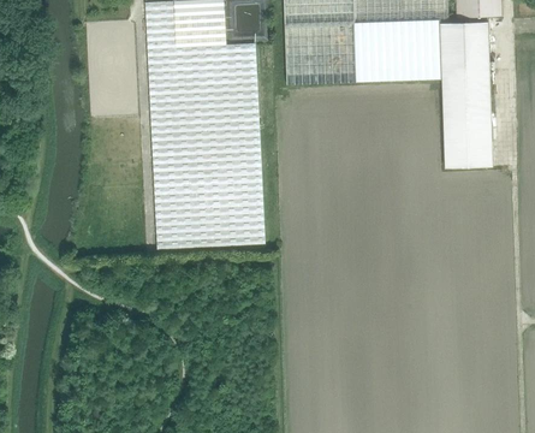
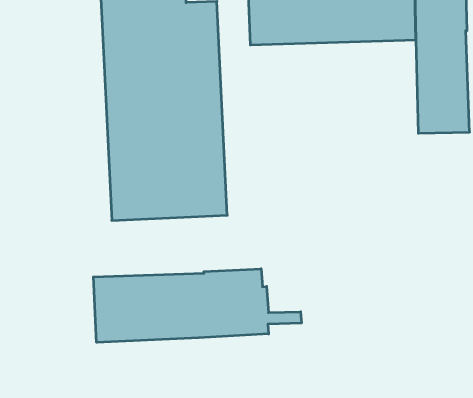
building: none -> [93,269,301,342]

